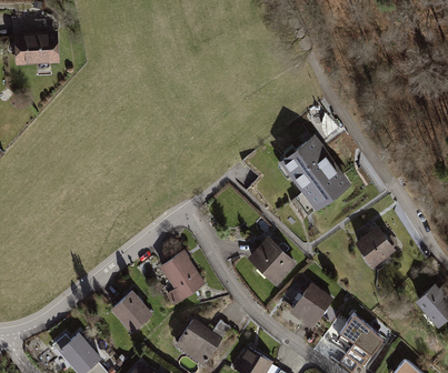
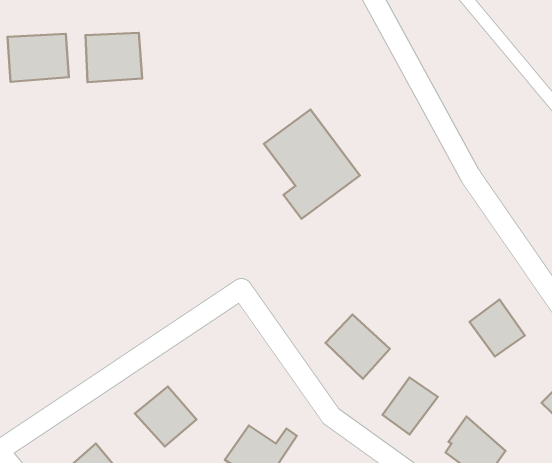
building: none -> [86,33,142,82]
building: [279,135,350,216] -> [264,109,360,219]
building: [160,252,203,304] -> none

